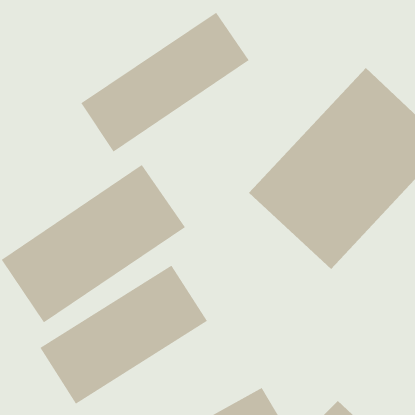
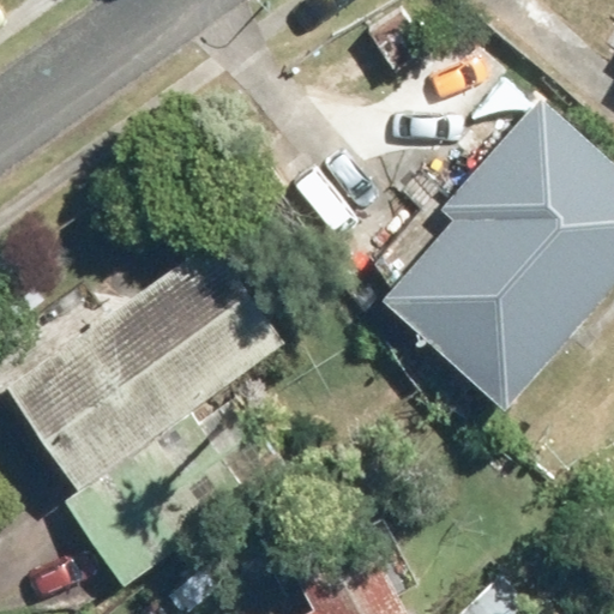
building: [81,12,249,152] -> none

